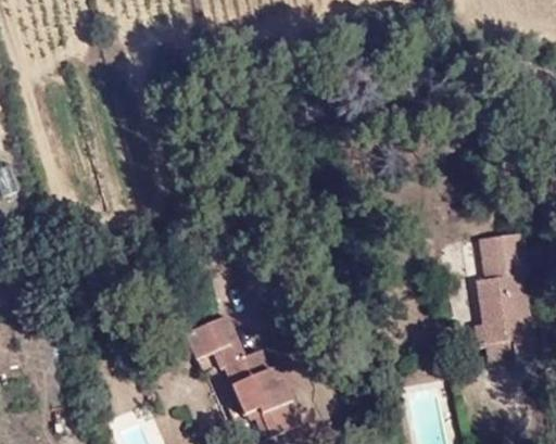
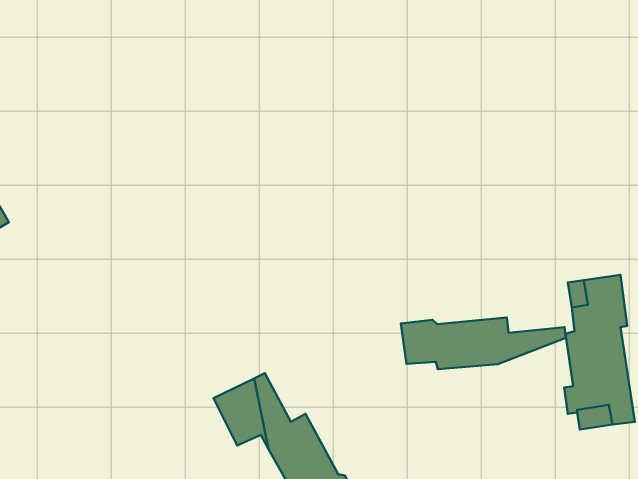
building: none -> [401,318,566,369]

